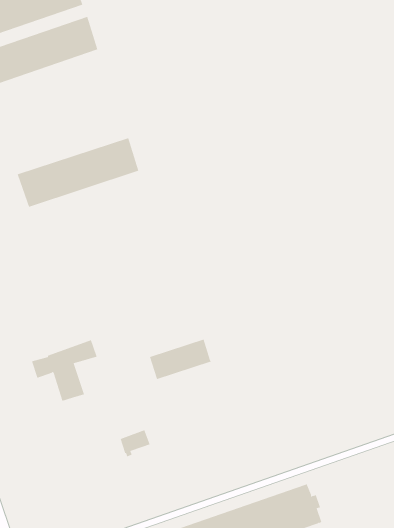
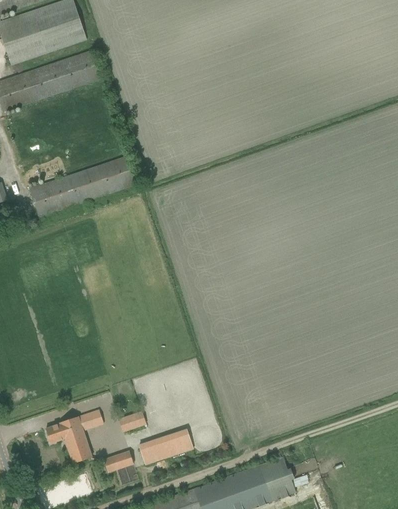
building: [149,339,212,380] -> [138,429,193,465]
building: [31,340,97,401] -> [45,409,103,463]
building: none -> [103,450,133,473]

